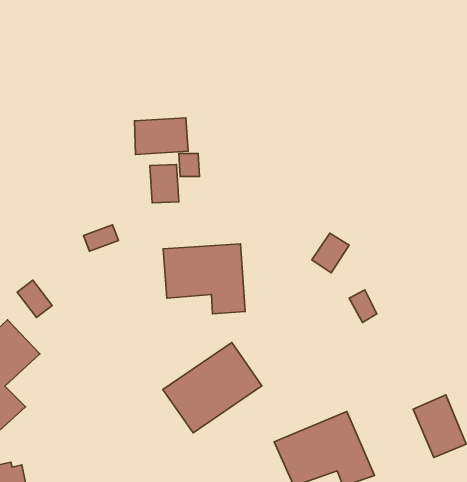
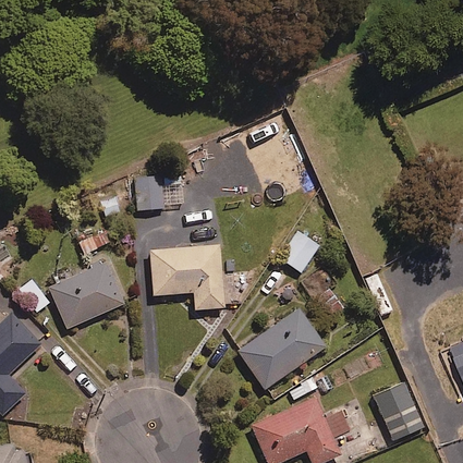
building: [134,118,188,155] -> none
building: none -> [48,261,123,328]
building: [163,342,262,433] -> [236,307,326,389]

